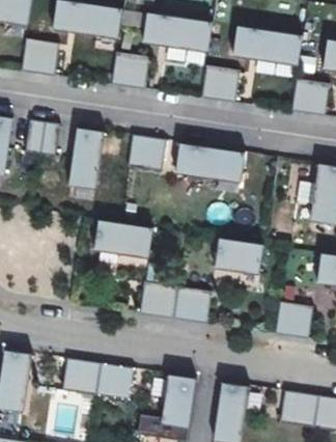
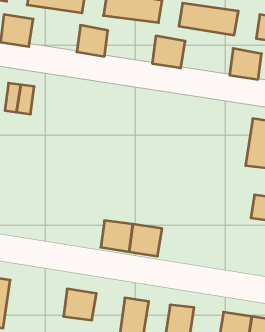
building: [69,129,105,187] -> none
building: [127,137,165,173] -> none
building: [175,143,244,181] -> none
building: [94,220,151,254] -> none
building: [214,238,261,271] -> none
building: [273,302,311,338] -> none
building: [62,357,100,394] -> none

